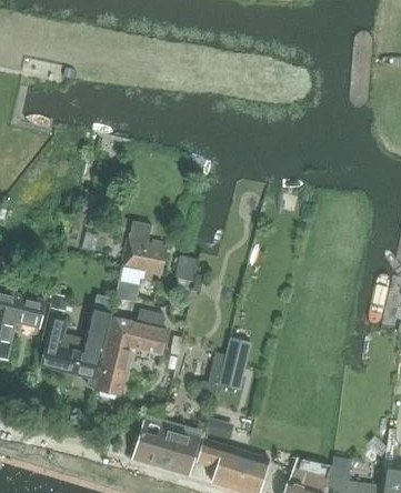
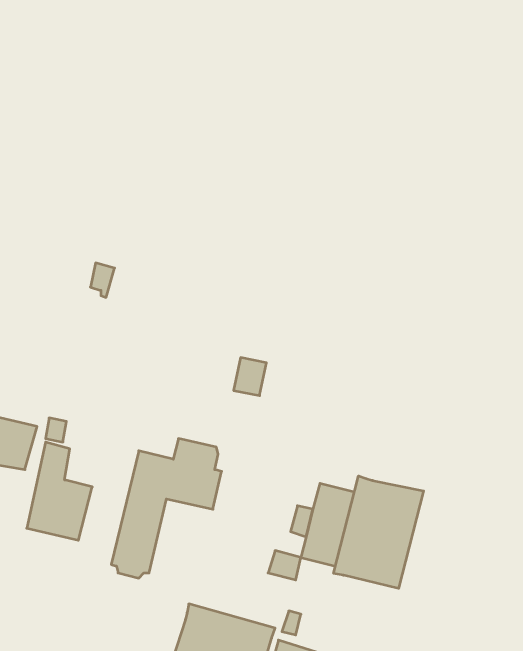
building: [114,222,166,303] -> none
building: [74,305,111,389] -> none
building: none -> [334,476,424,588]

